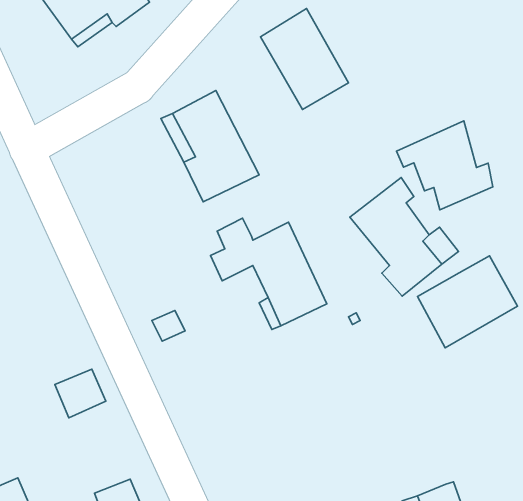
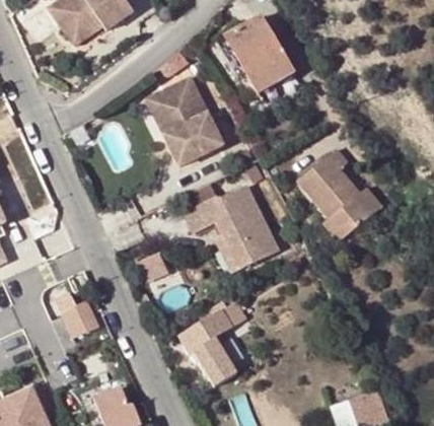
building: [396,121,493,210] -> none
building: [418,256,518,348] -> none
building: none -> [174,296,242,386]

